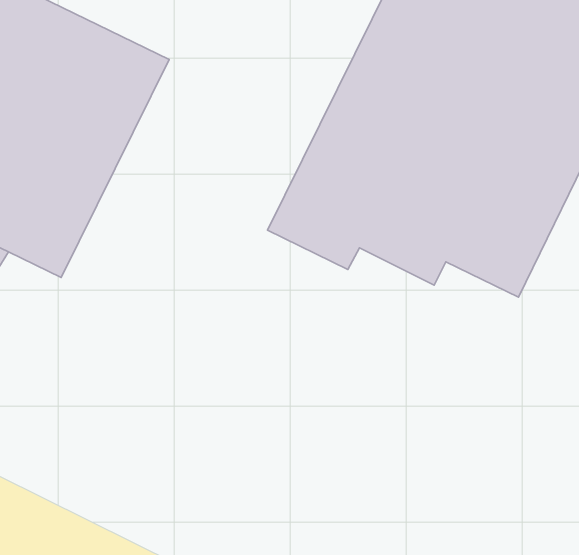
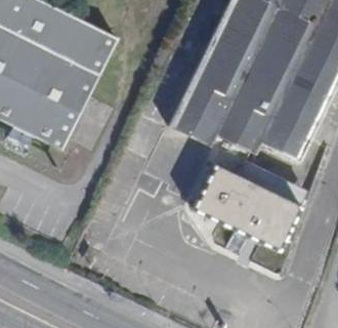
building: none -> [193,161,308,251]

